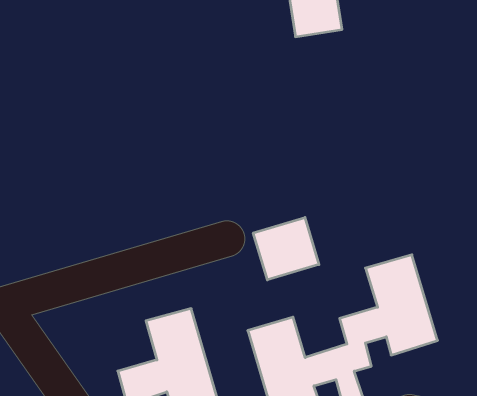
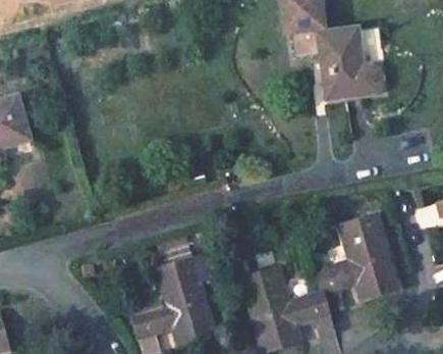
building: none -> [317,29,380,99]
building: [253,217,319,280] -> none

